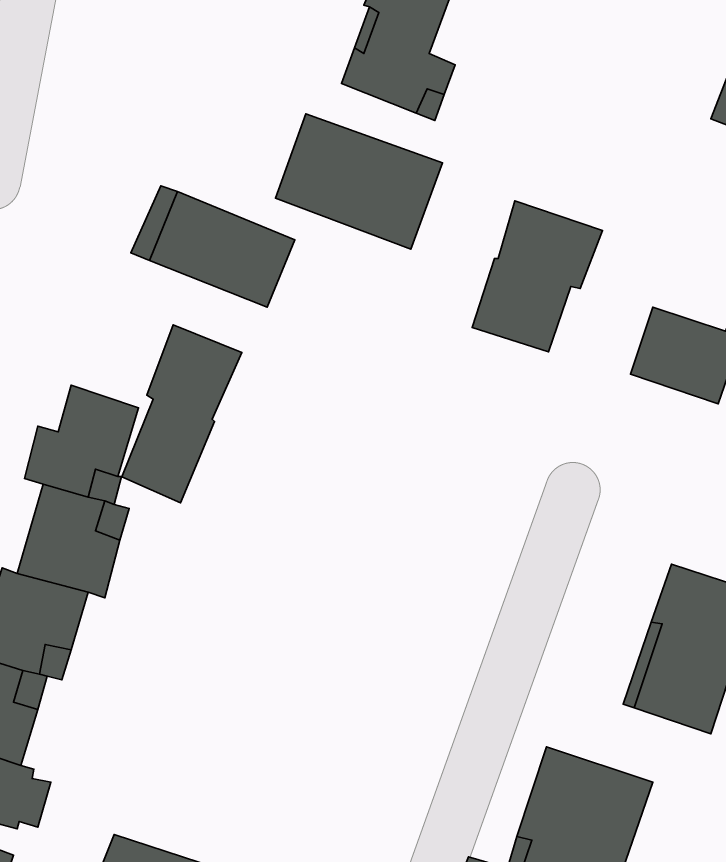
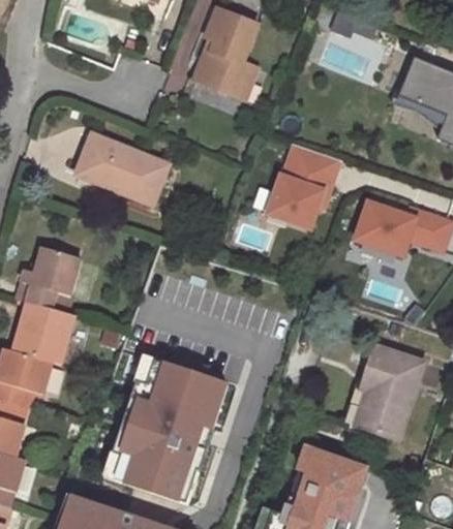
building: [276,114,442,249] -> none
building: [122,325,242,503] -> none
building: none -> [113,360,225,501]

